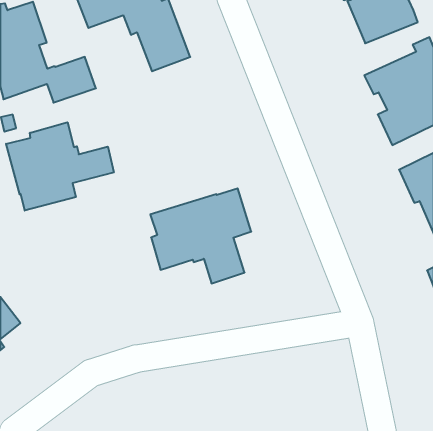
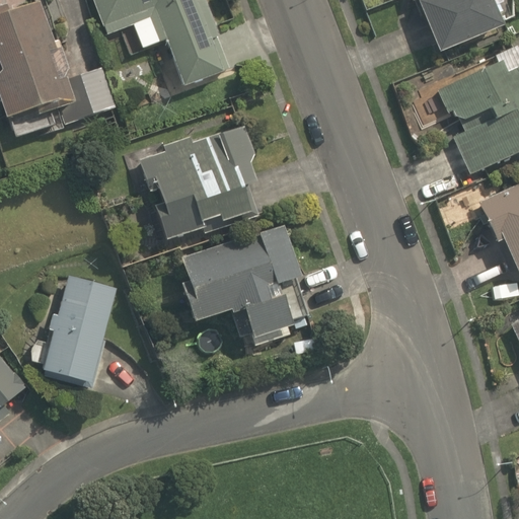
building: none -> [140,128,255,239]
building: [6,122,114,211] -> none
building: none -> [42,276,118,384]

